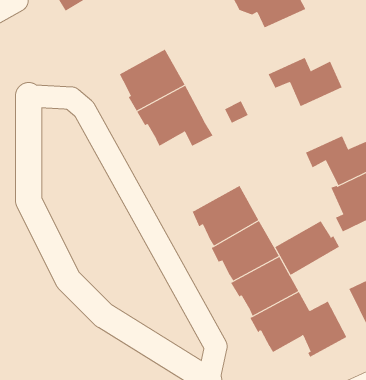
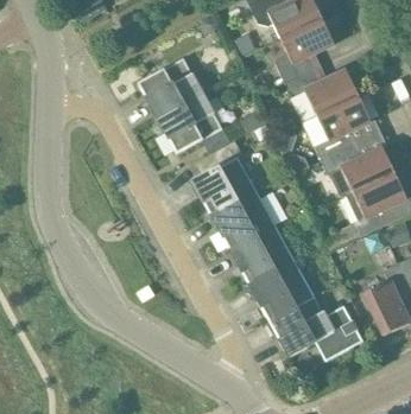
building: none -> [276,17,334,81]
building: none -> [314,94,369,158]
building: none -> [189,138,257,215]
building: [275,221,340,276] -> none

